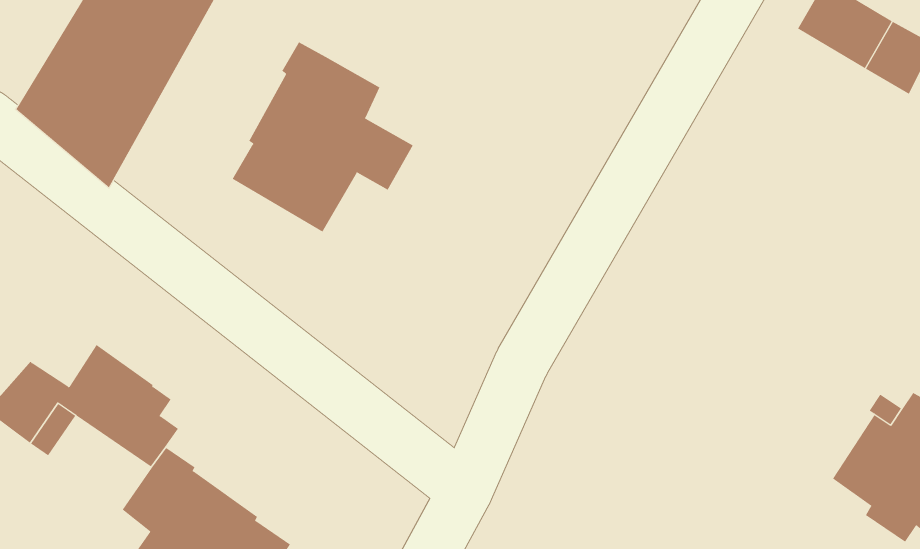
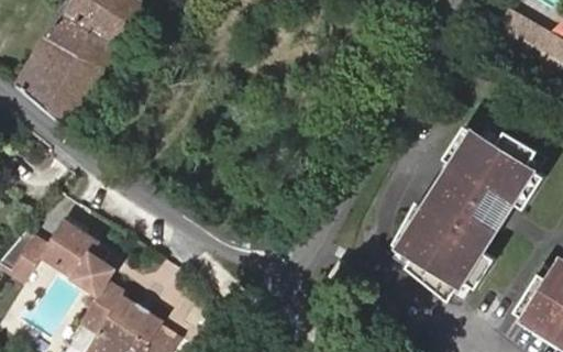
building: [232,42,413,233] -> none
building: none -> [390,118,547,283]

